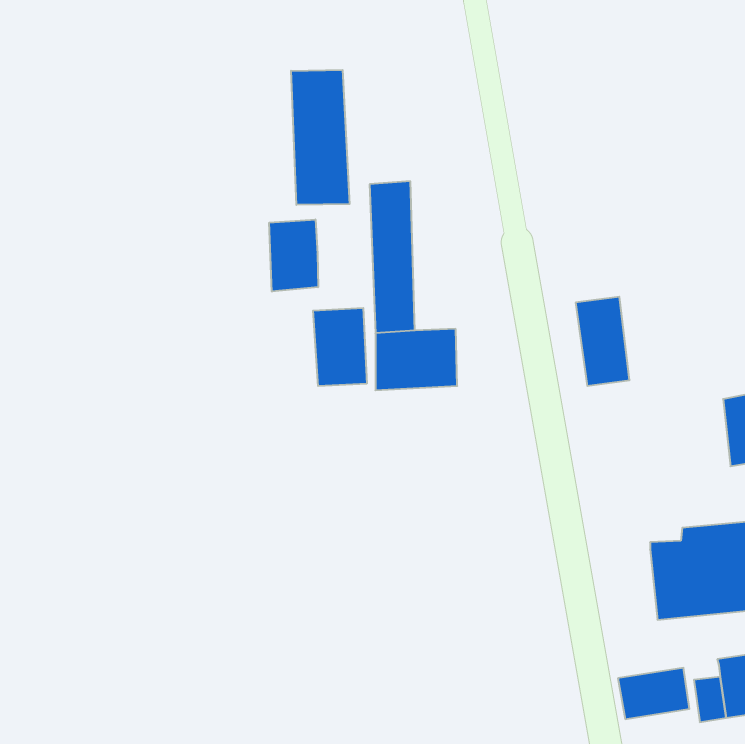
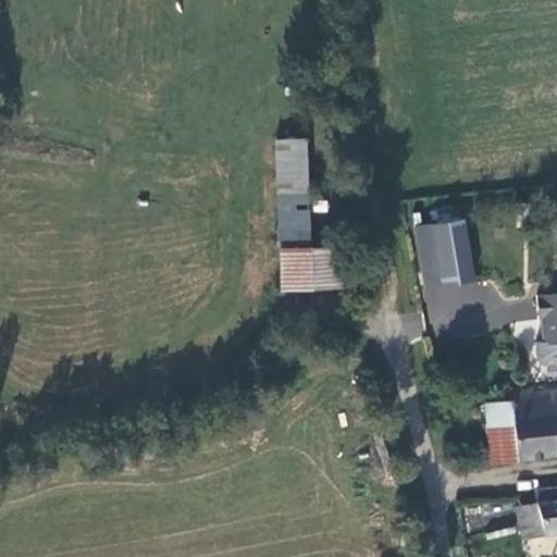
building: [291,70,350,205] -> none
building: [269,219,318,292] -> none
building: [313,308,367,386] -> none

